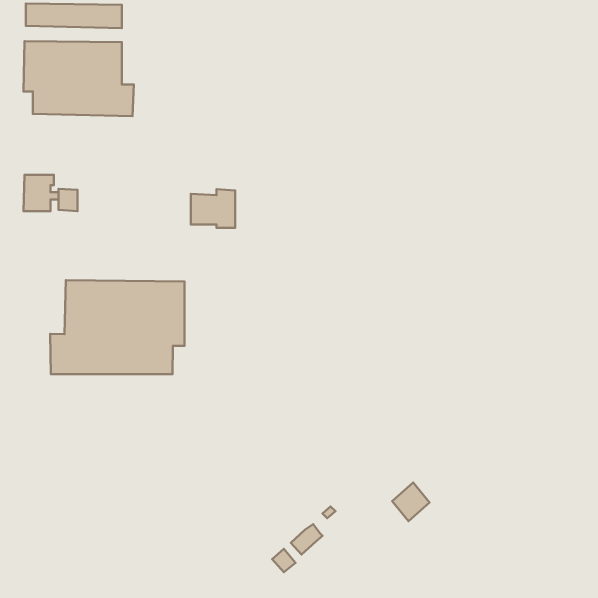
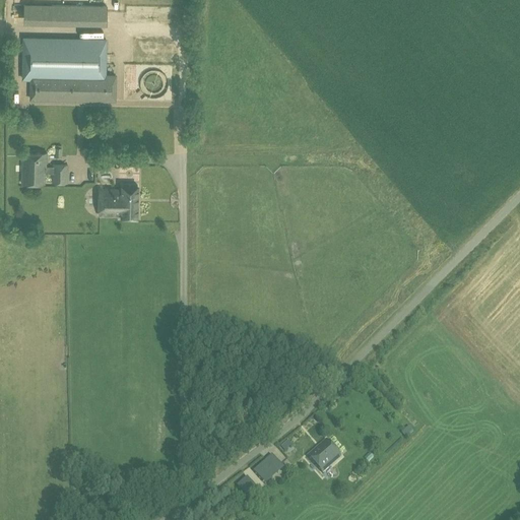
building: [191,189,235,228] -> [98,184,136,217]
building: [50,280,184,374] -> none
building: [392,483,430,521] -> [307,439,339,472]

